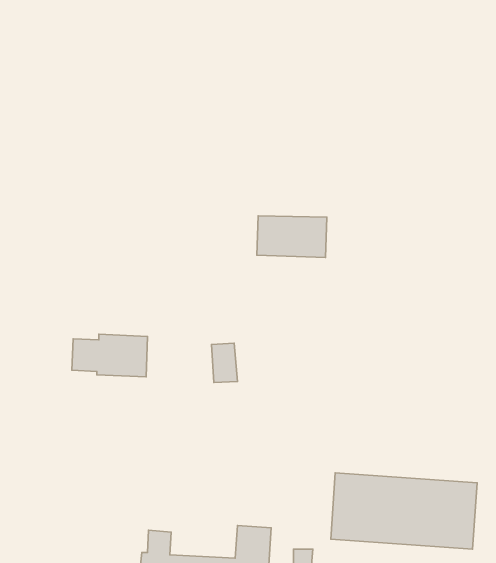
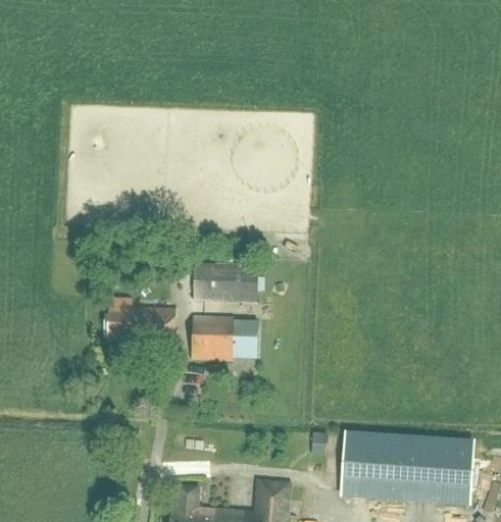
building: [257,216,327,258] -> [192,264,255,302]
building: none -> [190,316,233,361]

